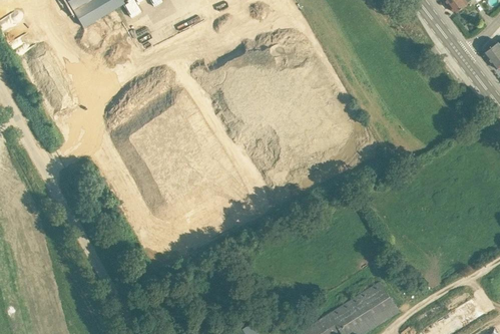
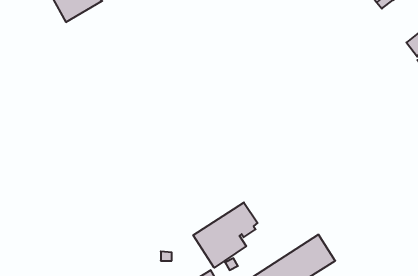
building: none -> [193,202,258,268]

